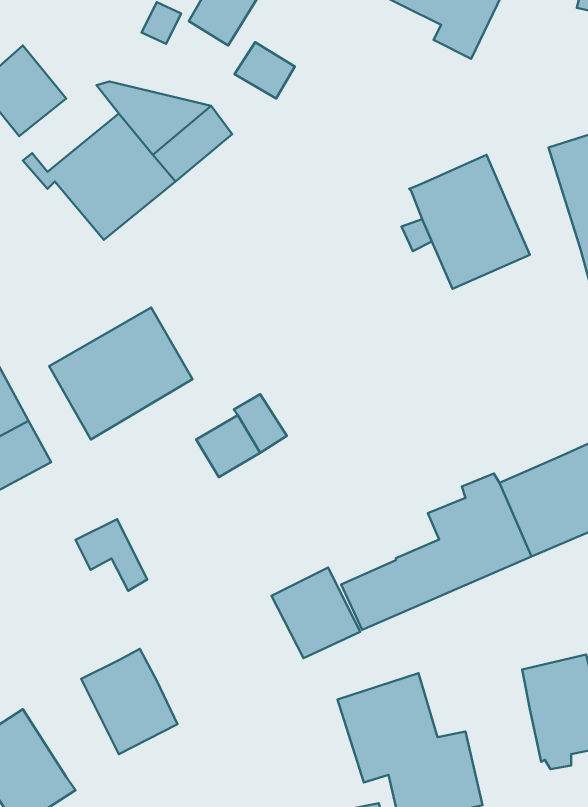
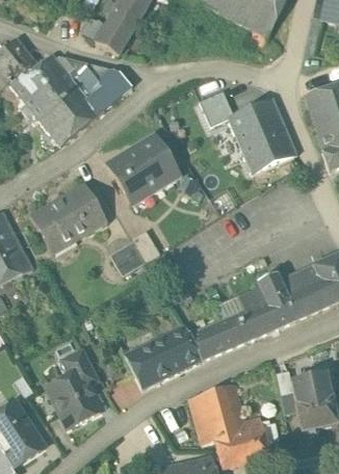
building: [235,42,295,99] -> [96,24,129,55]
building: none -> [14,55,69,107]
building: none -> [201,90,234,126]
building: none -> [109,136,179,202]
building: [76,519,147,591] -> [60,348,100,388]
building: none -> [124,341,171,389]

